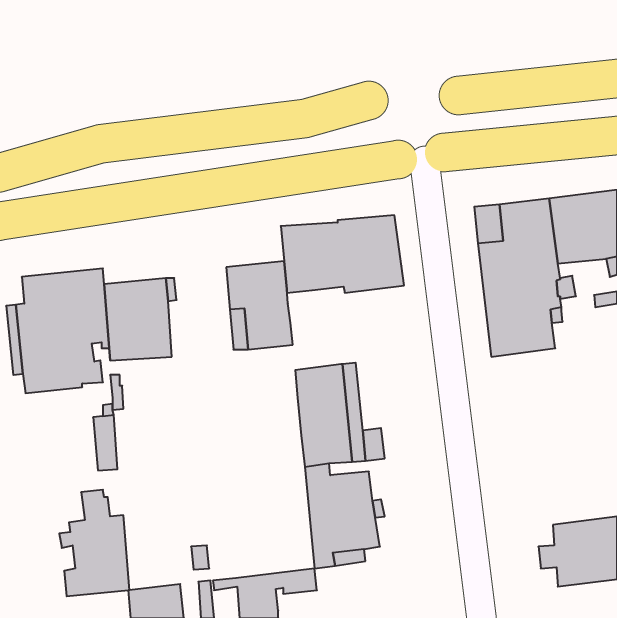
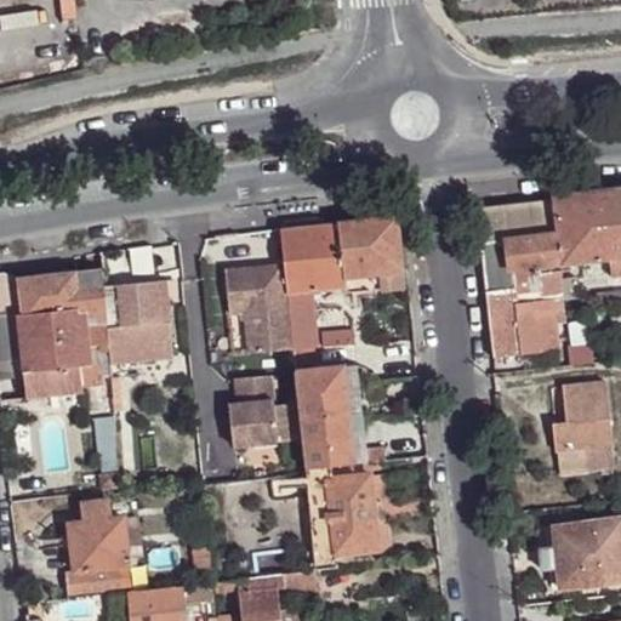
building: none -> [287,291,342,371]
building: none -> [229,374,302,445]
building: none -> [554,382,611,471]

